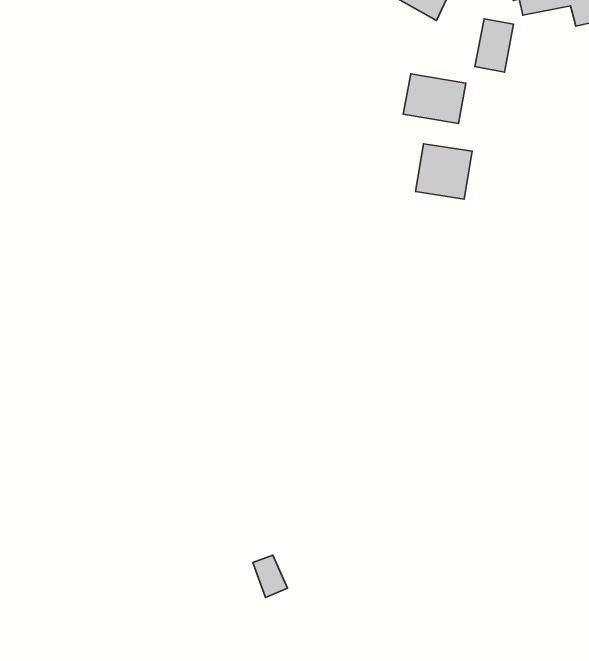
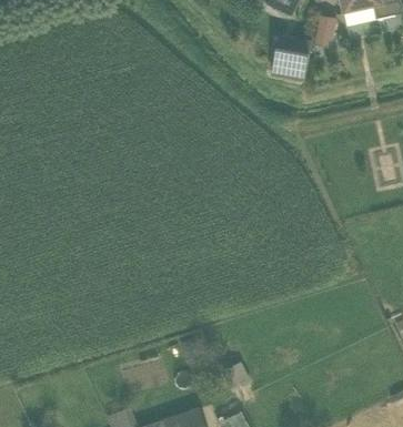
building: [415,144,472,199] -> none

